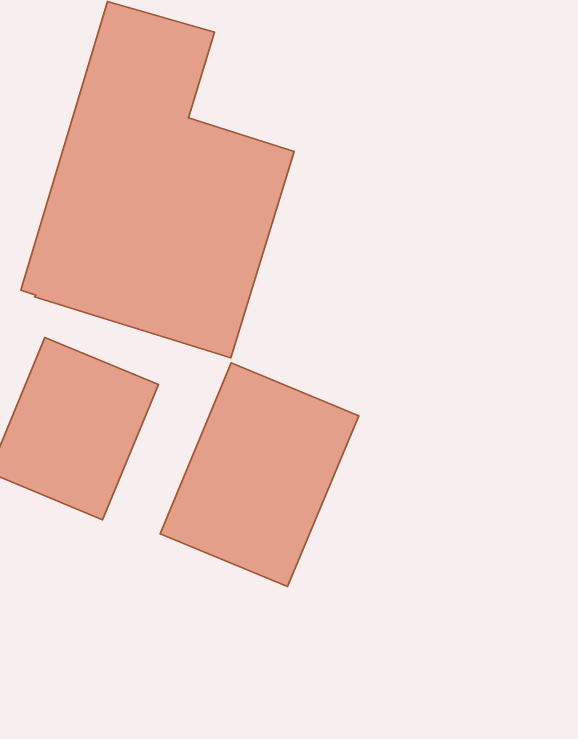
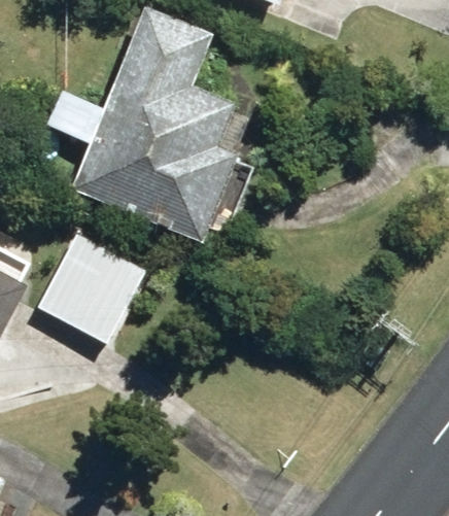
building: [160,363,359,587] -> none

